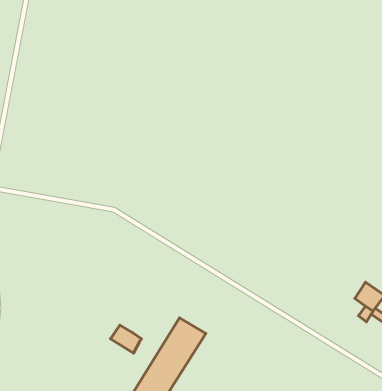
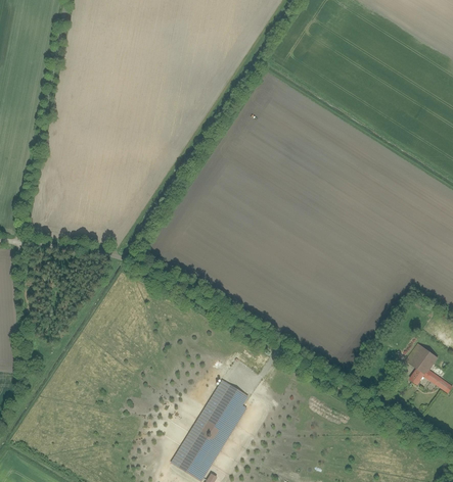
building: [111,325,142,353] -> none

